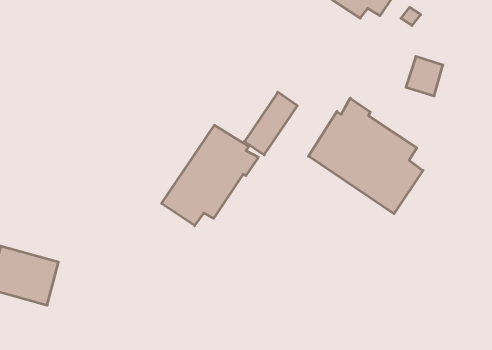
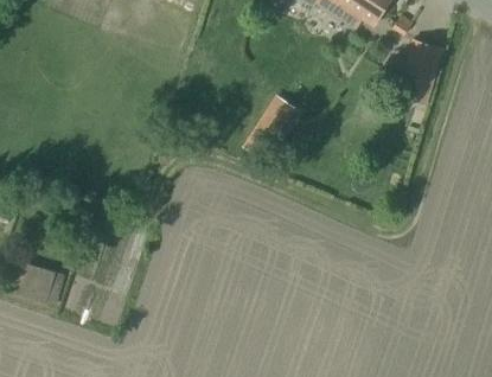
building: [308,98,423,214] -> none
building: [162,125,258,226] -> none

